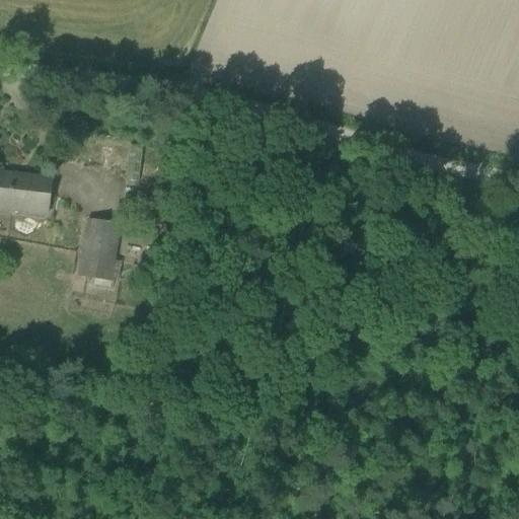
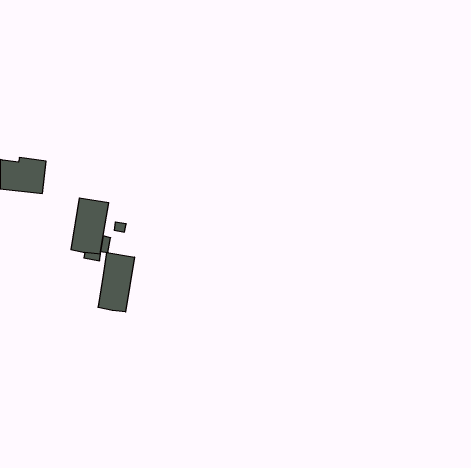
building: none -> [98,252,134,312]

